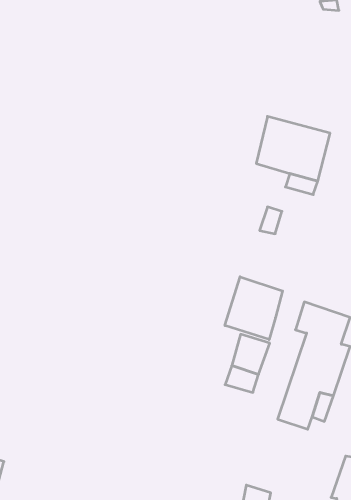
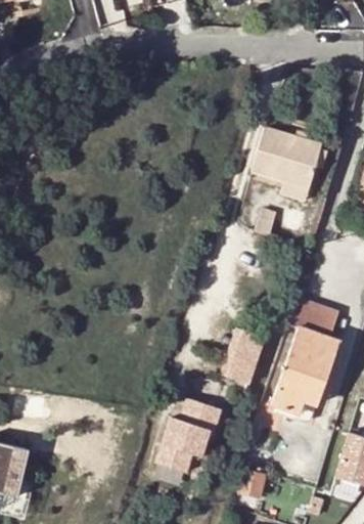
building: [225,277,283,340] -> none
building: none -> [157,398,223,472]

